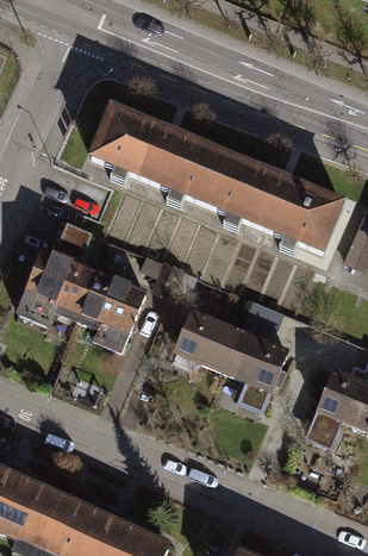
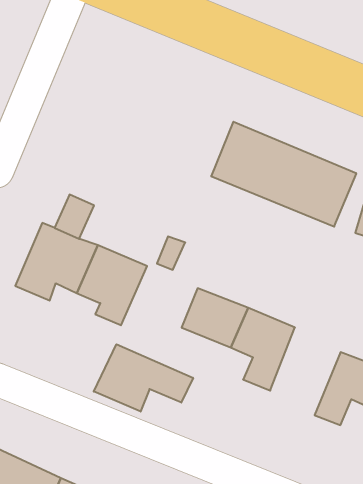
building: [93,102,227,202] -> none
building: none -> [94,344,193,412]

